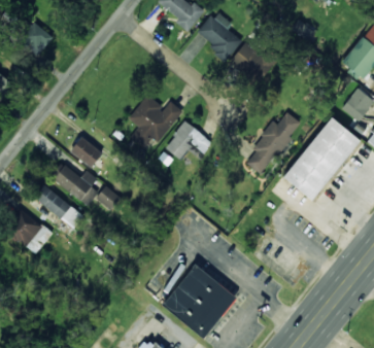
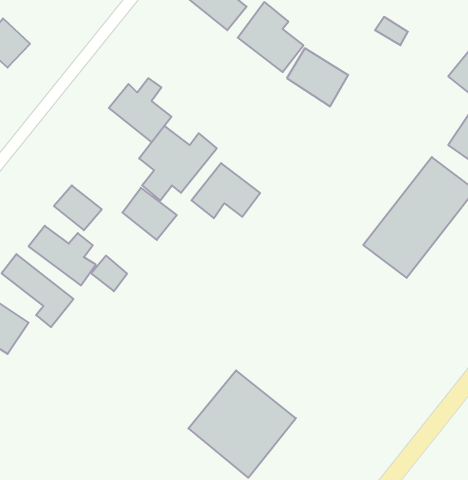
building: none -> [109,78,171,142]
building: [246,112,300,175] -> none
building: none -> [122,188,177,240]

